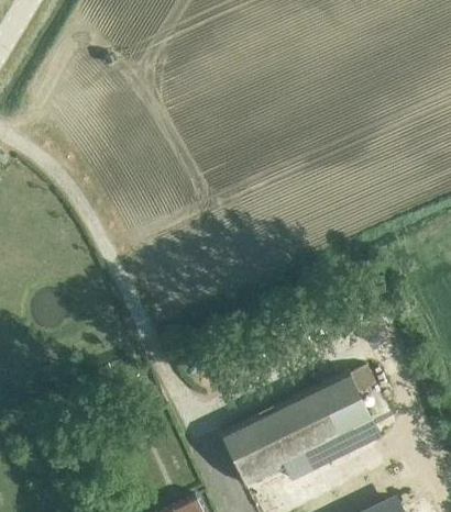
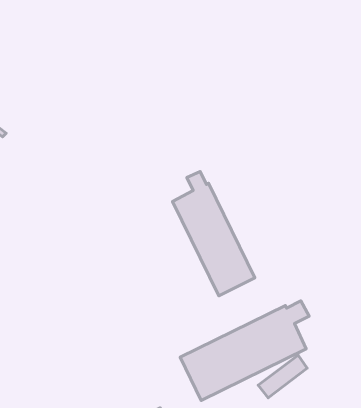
building: none -> [172,171,255,296]

